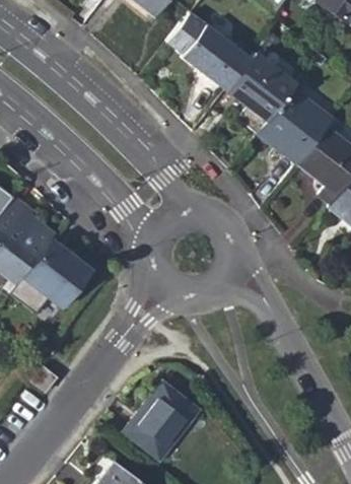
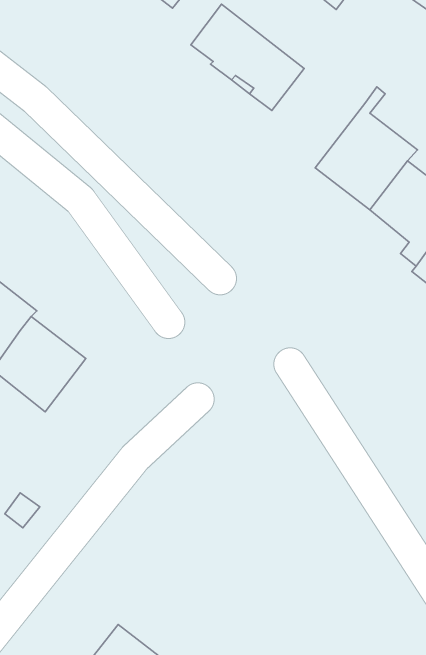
building: [226,52,294,132] -> none
building: [126,383,198,458] -> none

